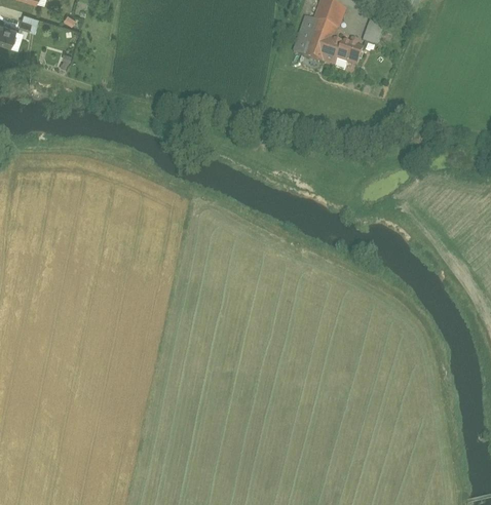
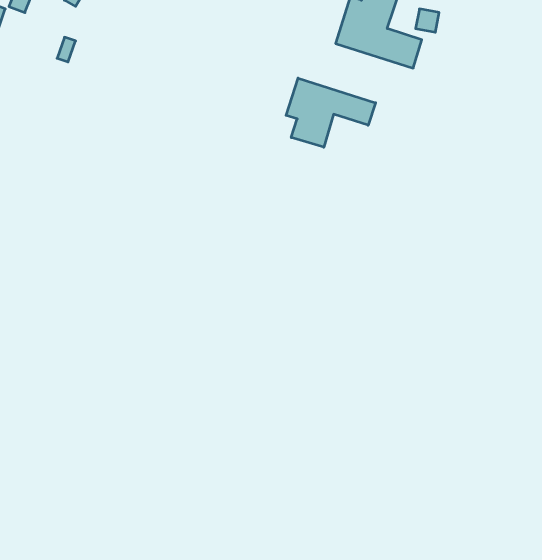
building: none -> [286,78,376,147]

